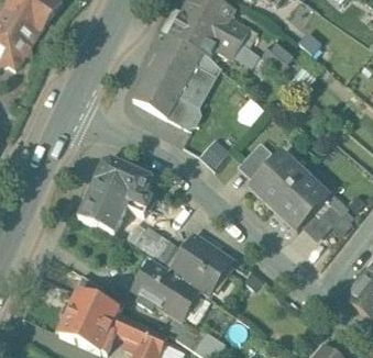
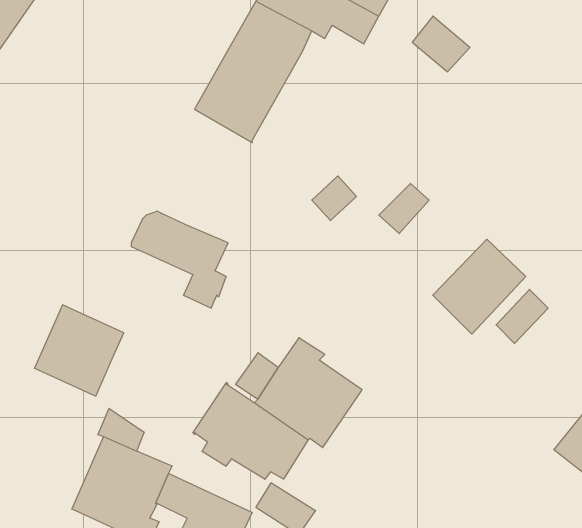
building: [167,64,215,127] -> none
building: [250,152,306,208] -> none
building: [79,179,132,233] -> [34,305,124,396]
building: [125,223,171,260] -> none

